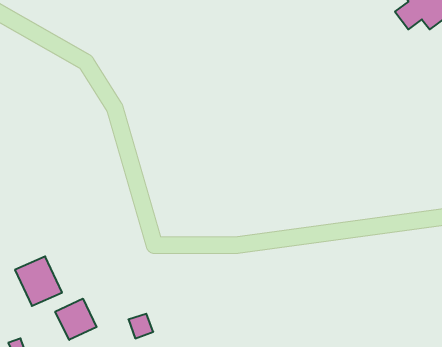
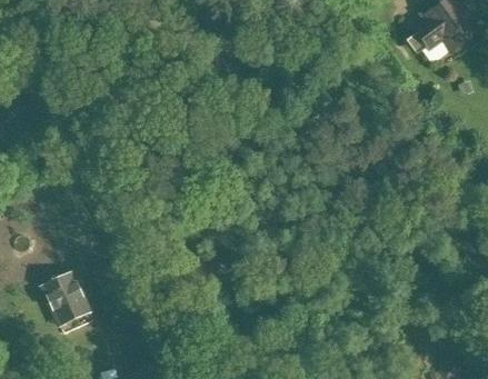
building: [55,299,97,340] -> none

